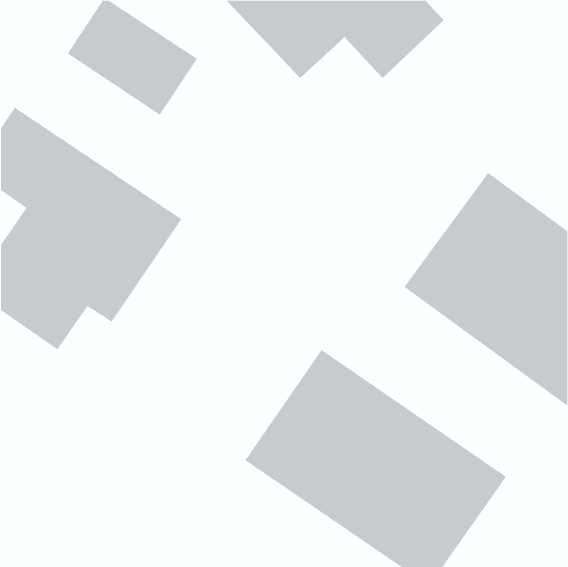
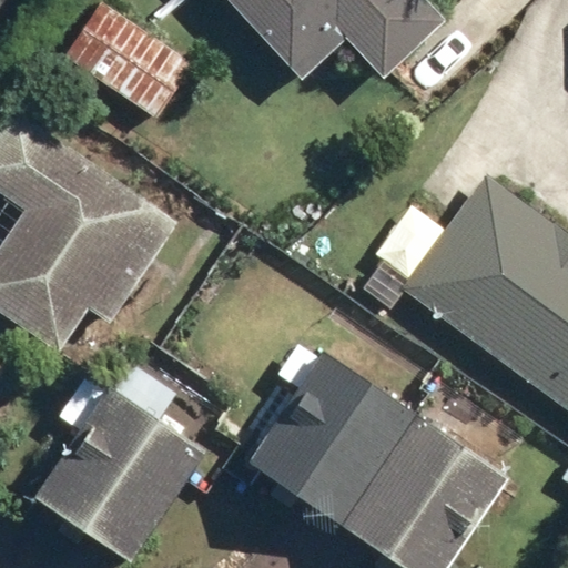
building: none -> [31,383,205,560]

